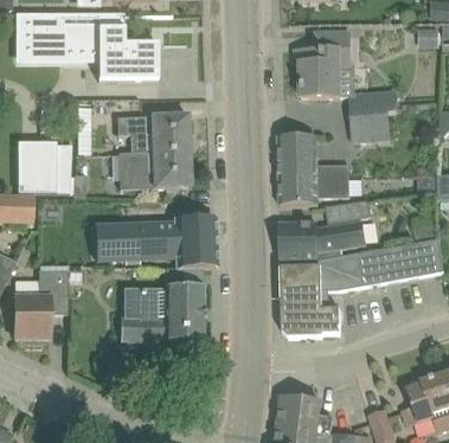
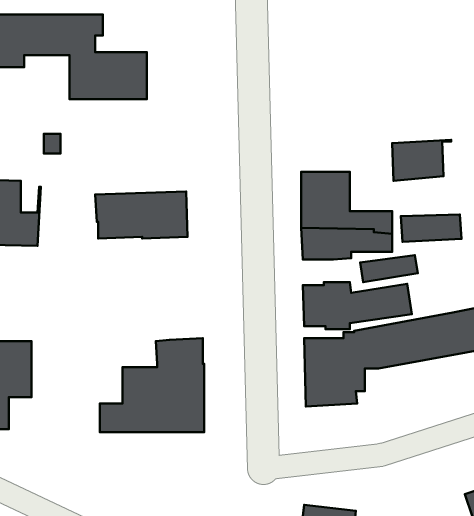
building: [301,34,349,97] -> none
building: [348,92,396,114] -> [401,215,461,242]
building: [117,115,188,154] -> none
building: [94,219,216,268] -> none
building: [282,308,340,338] -> none

